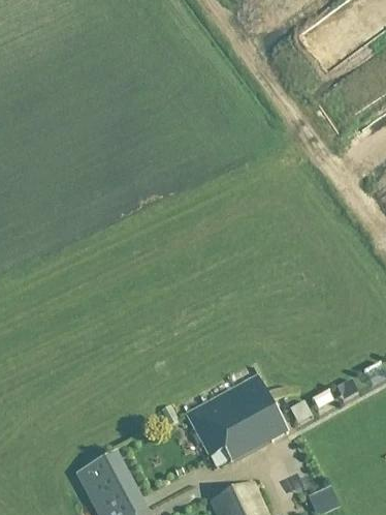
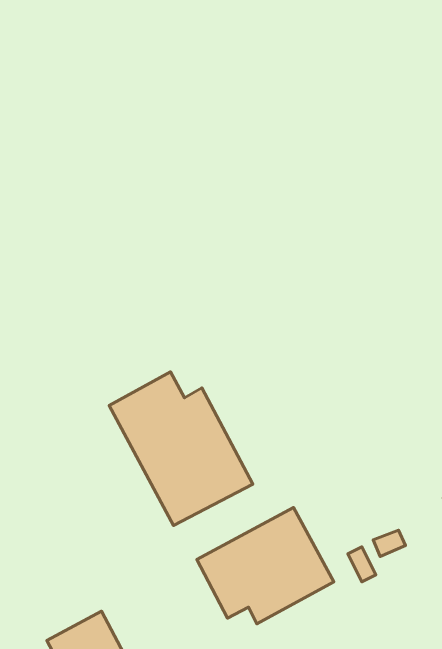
building: none -> [109,372,253,526]

